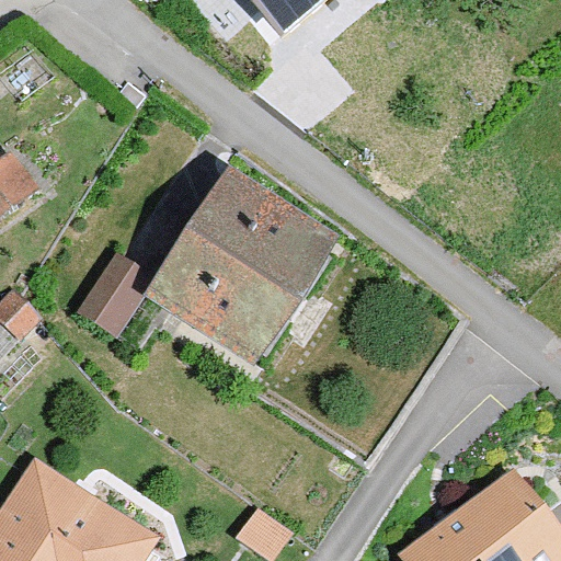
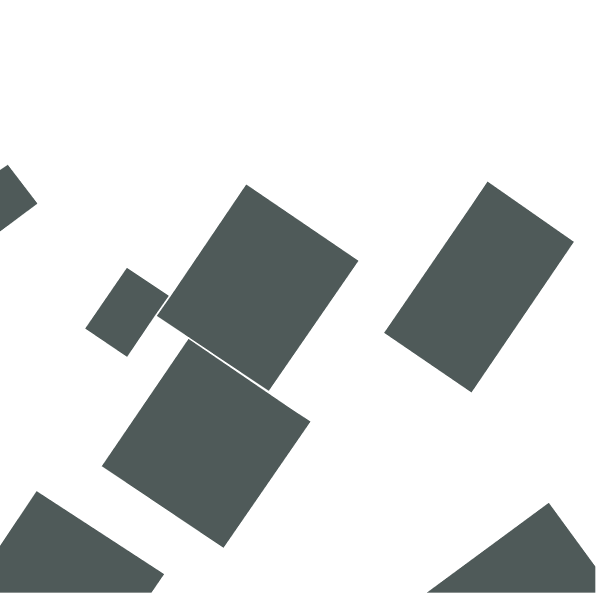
building: none -> [383,180,575,394]
building: none -> [101,338,312,549]

